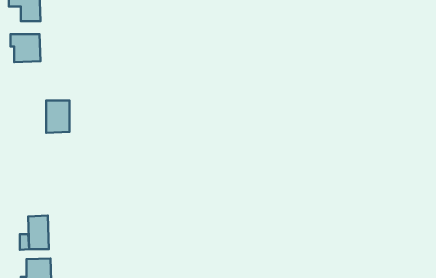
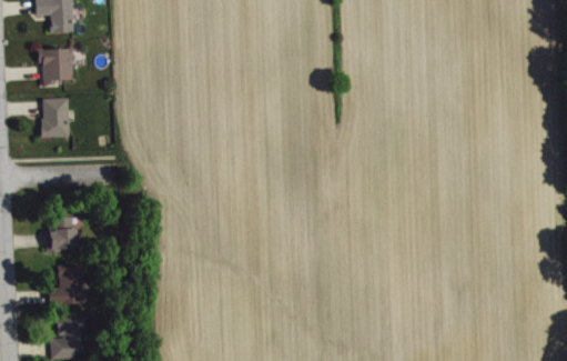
building: [46,100,69,133] -> [41,98,69,137]
building: none -> [48,215,75,249]

